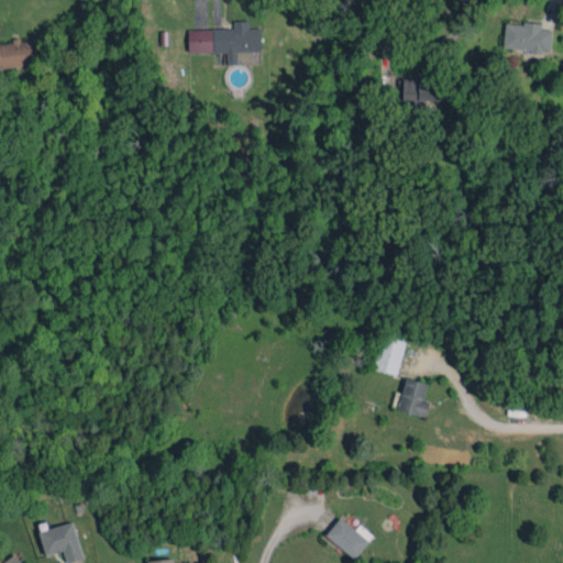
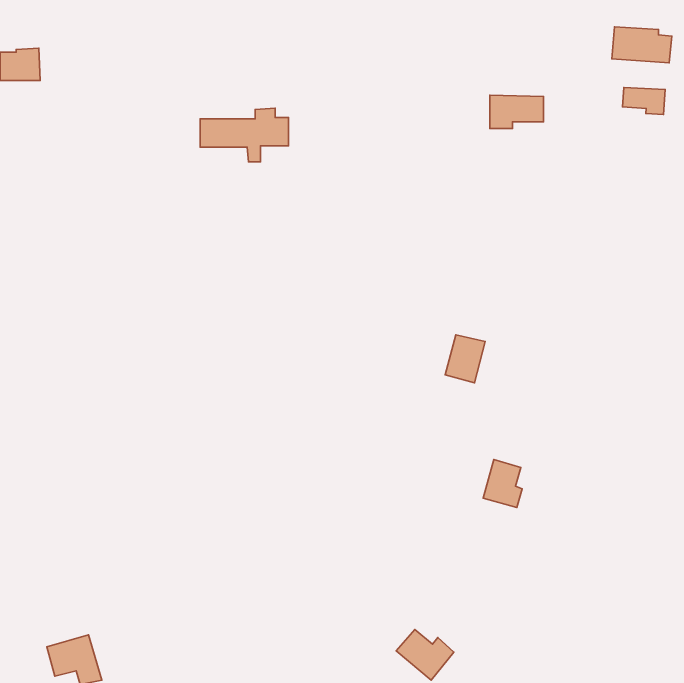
building: [188,21,261,65] -> [200,108,289,162]
building: none -> [622,88,665,115]
building: [373,336,406,376] -> [445,335,485,383]

